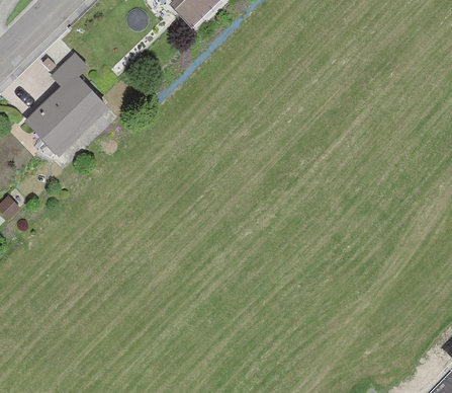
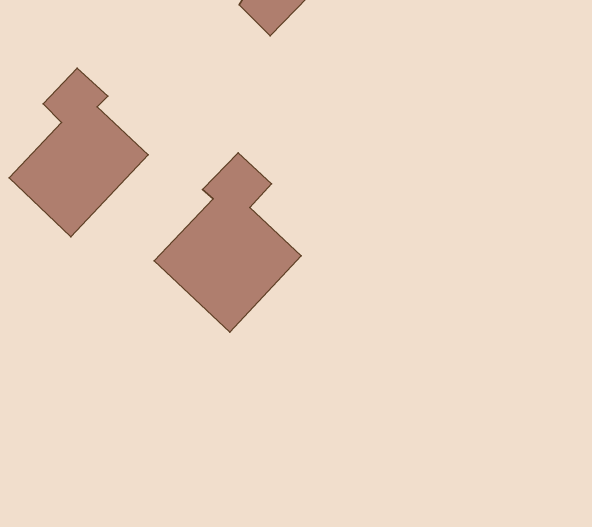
building: none -> [154,153,301,332]

